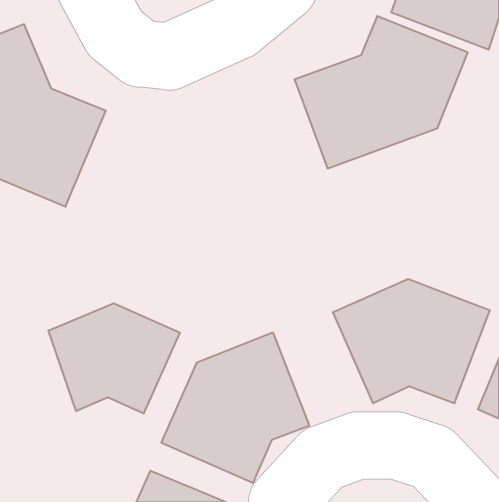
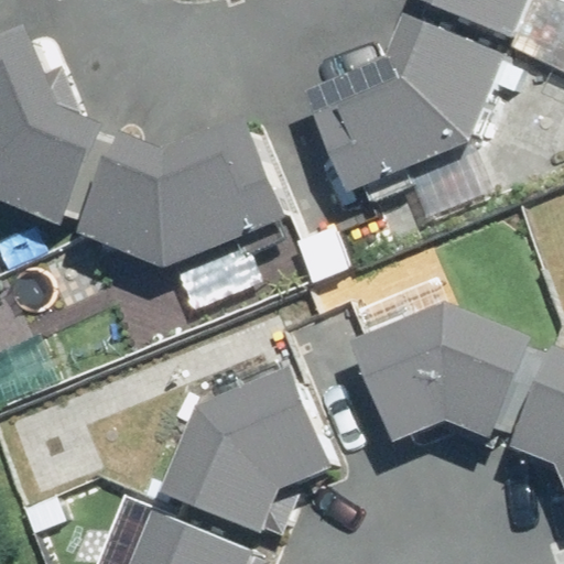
building: none -> [82,115,293,264]
building: [48,303,180,414] -> none

